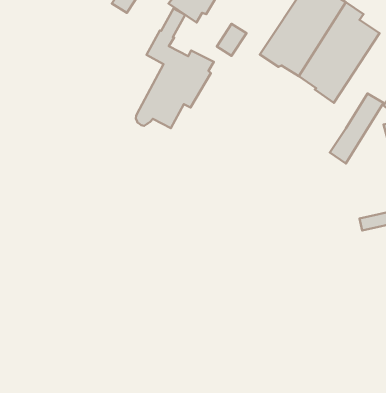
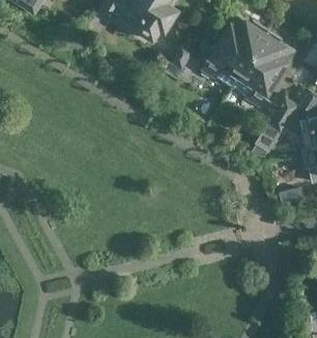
building: [136,8,214,128] -> none

